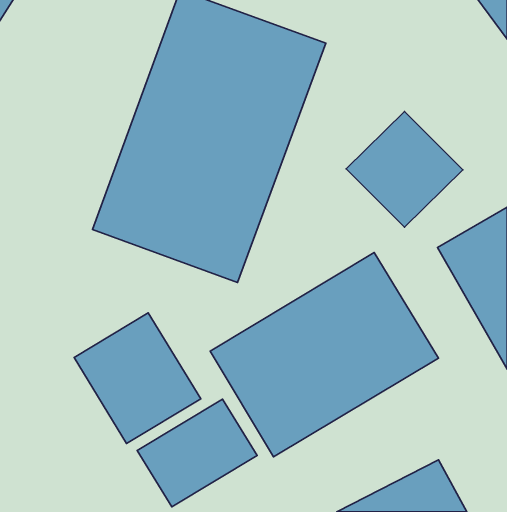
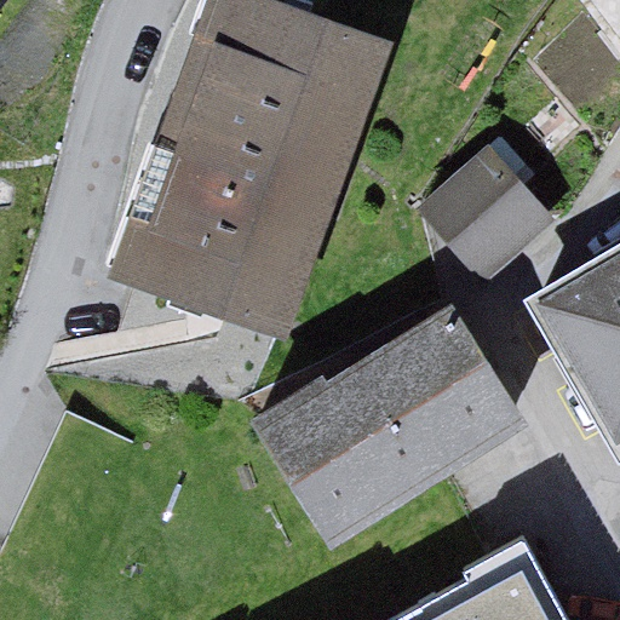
building: [74,313,201,443] -> none
building: [137,399,257,507] -> none

